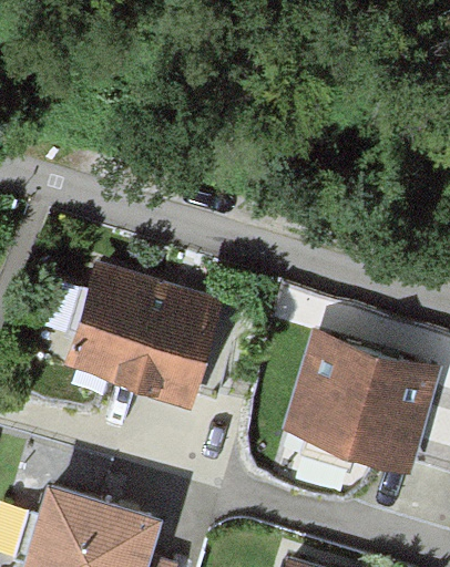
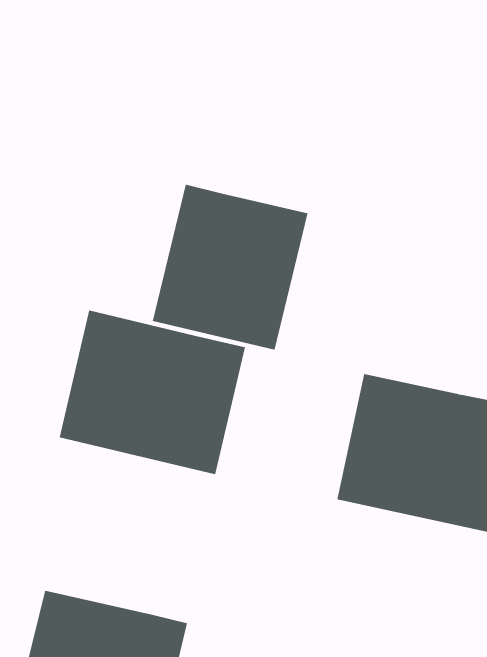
building: none -> [152,184,308,351]

